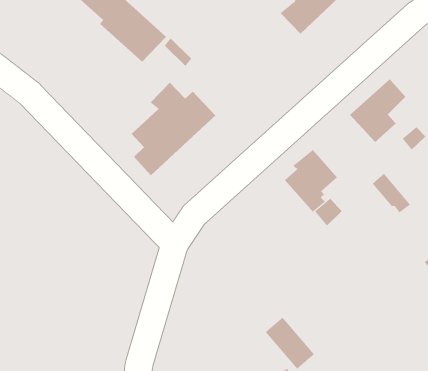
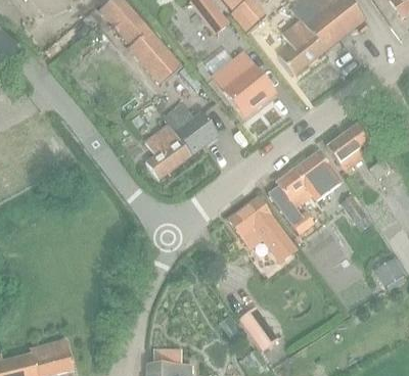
building: none -> [203,49,274,114]
building: none -> [294,151,343,200]
building: none -> [229,197,298,264]

